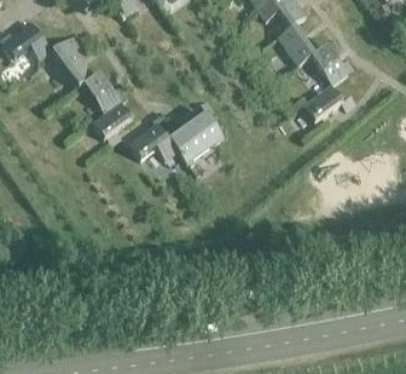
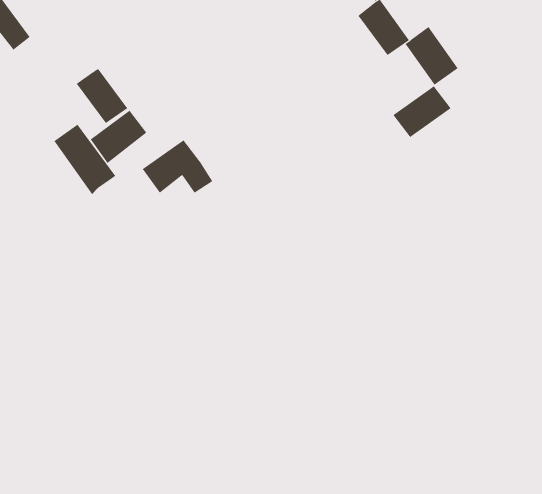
building: [50,39,93,88] -> [53,124,116,195]
building: [168,111,216,155] -> none

